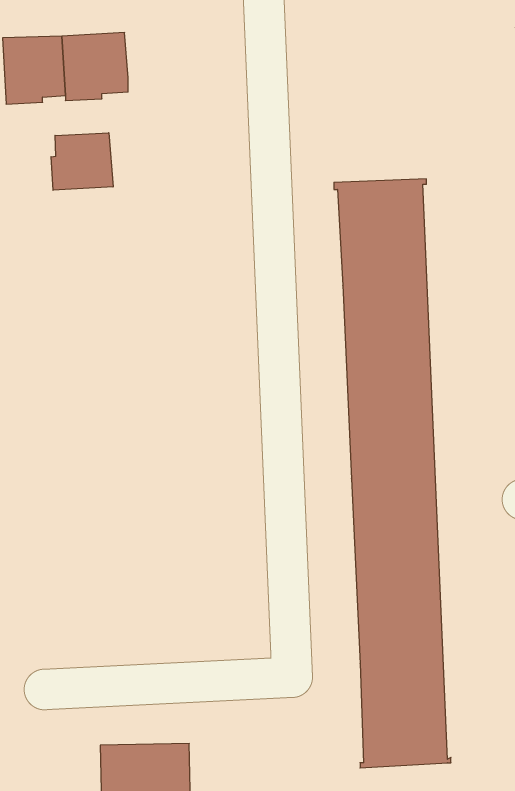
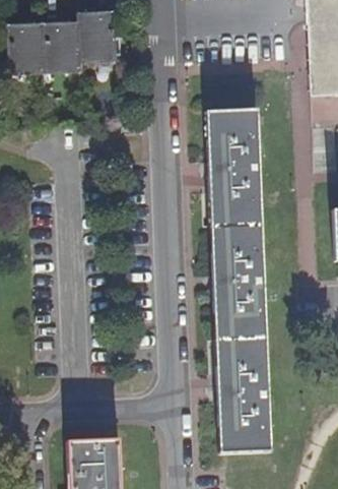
building: none -> [82,12,121,52]
building: [51,133,113,190] -> none

